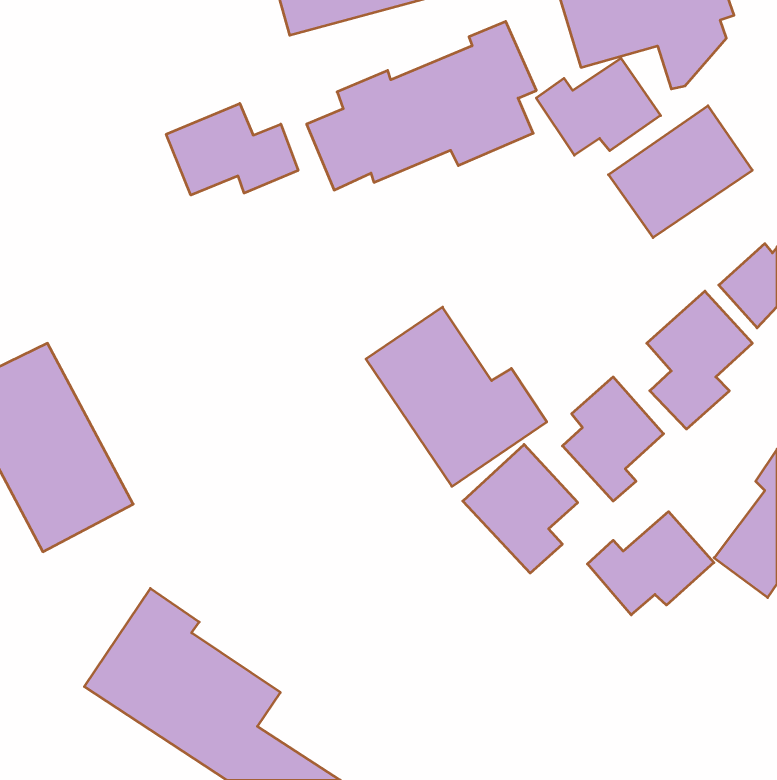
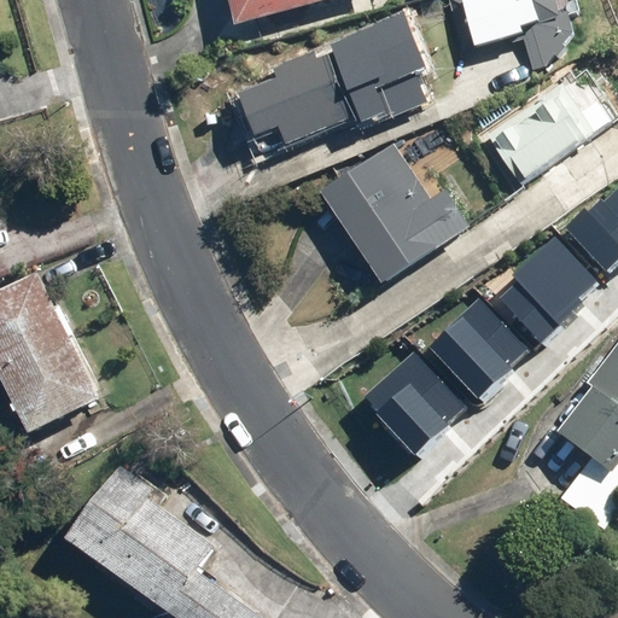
building: [536,58,661,155] -> none
building: [166,103,298,195] -> none
building: [366,307,547,486] -> [326,144,468,285]
building: [587,512,714,615] -> none

